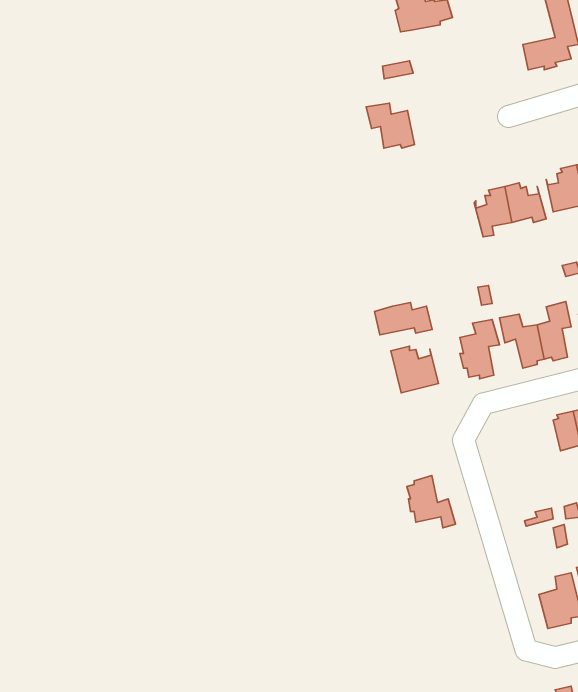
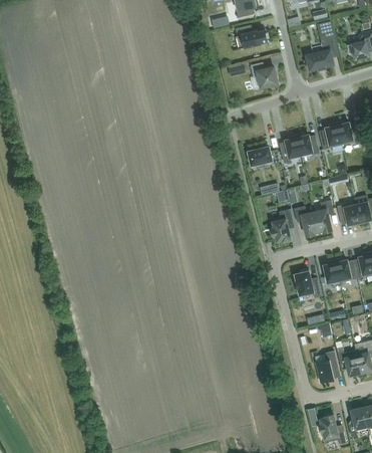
building: [366,103,415,148] -> [250,62,277,87]
building: [375,303,432,335] -> [248,147,280,165]
building: [391,346,439,393] -> none
building: [407,476,455,528] -> [294,268,321,297]

